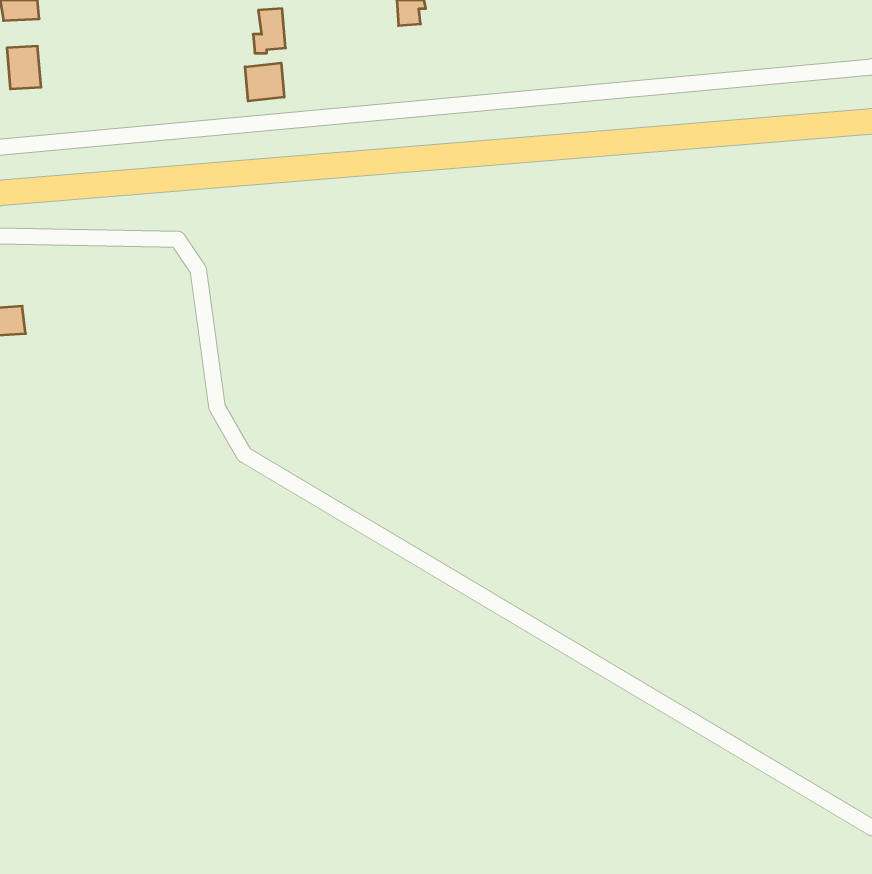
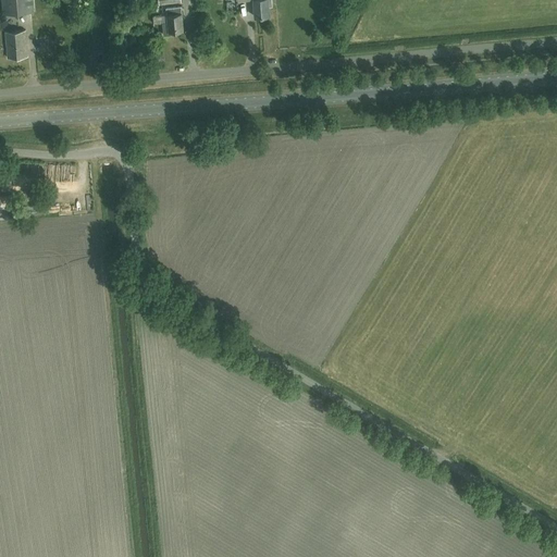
building: [245,63,284,101] -> none

